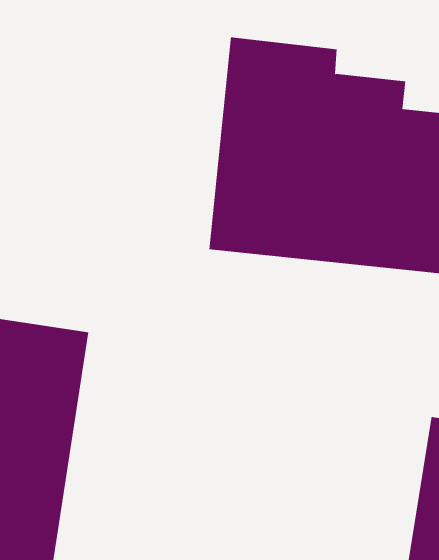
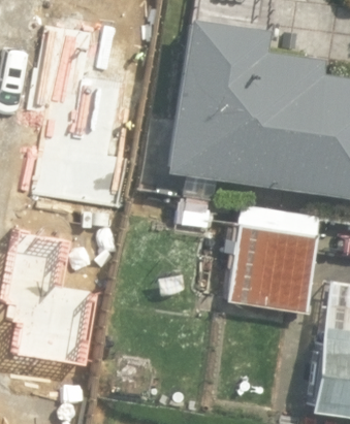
building: none -> [228,197,317,313]

